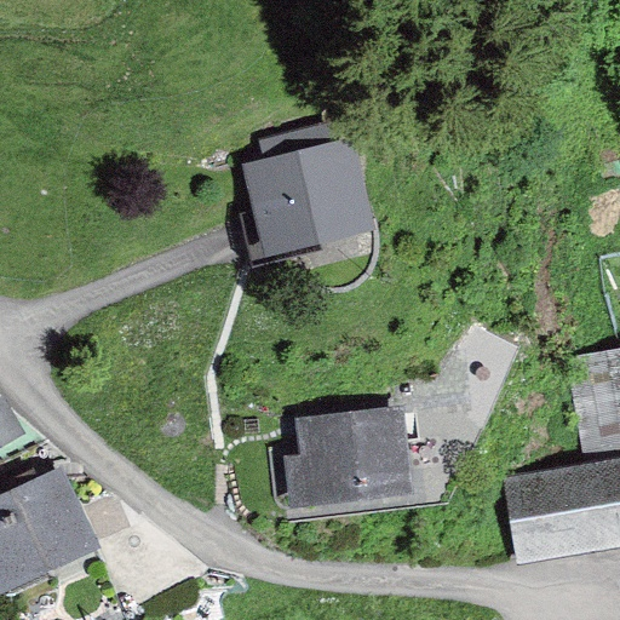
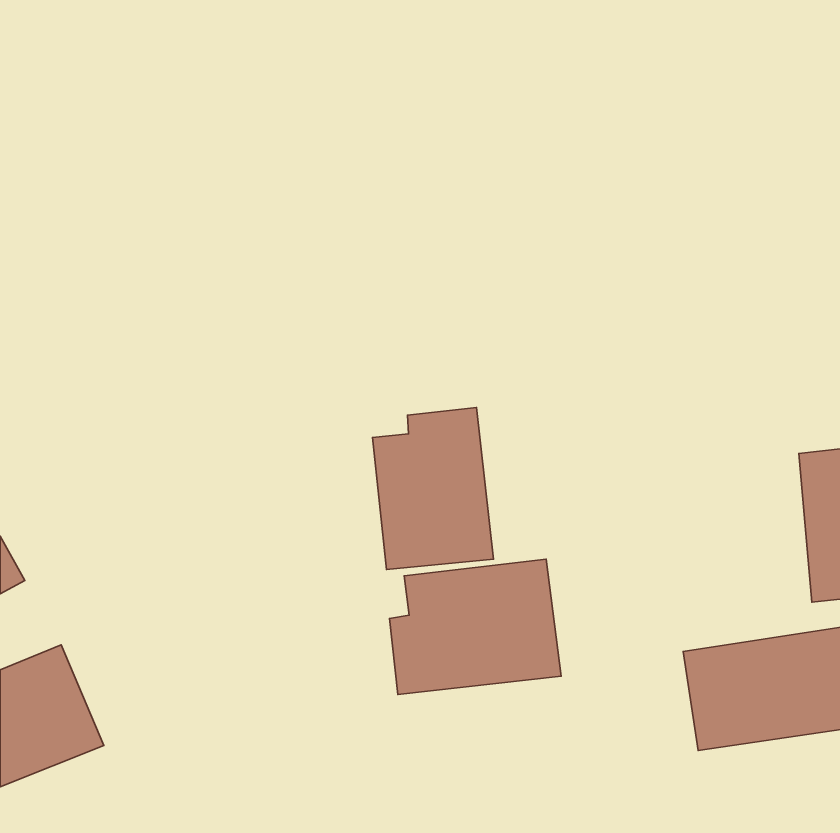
building: [237,140,375,262] -> none
building: none -> [373,407,493,569]

